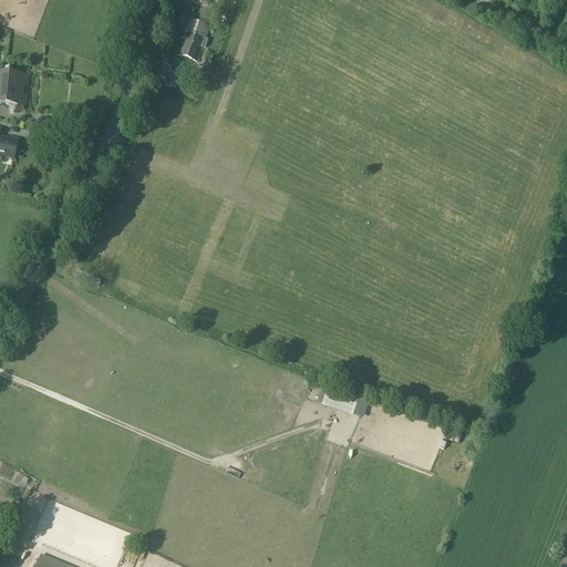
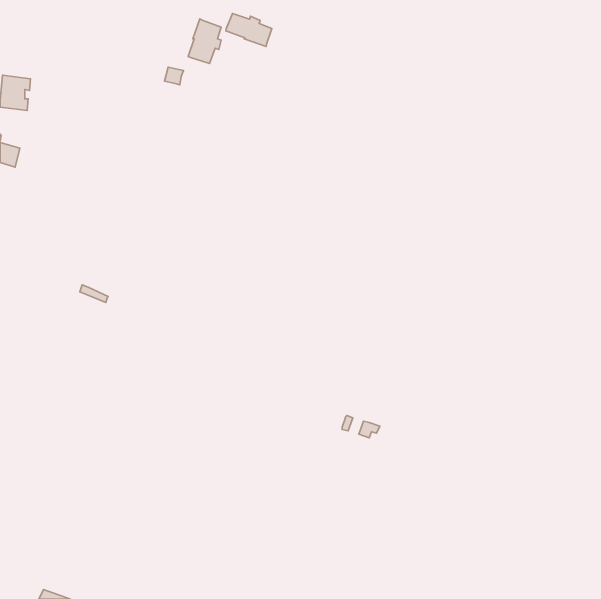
building: none -> [226,14,272,46]

